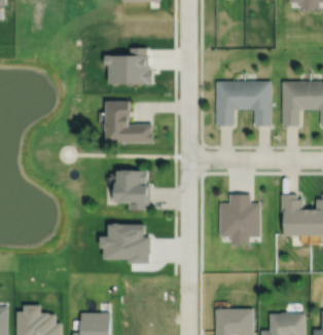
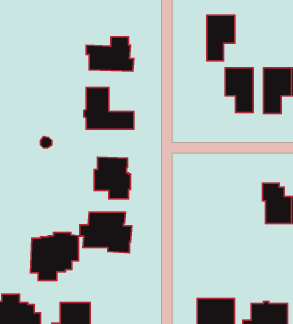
building: [216,80,244,125] -> [207,15,235,61]
building: [219,193,260,241] -> none
building: none -> [31,233,78,280]

